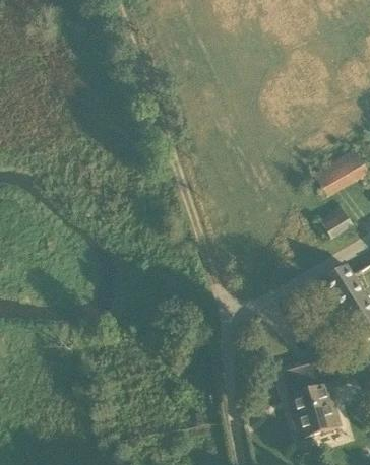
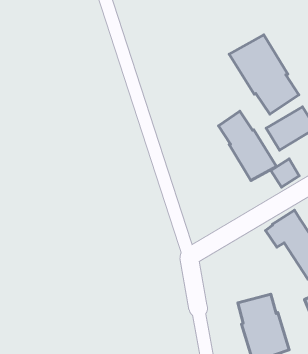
building: none -> [229,35,299,114]
building: none -> [219,111,276,180]

